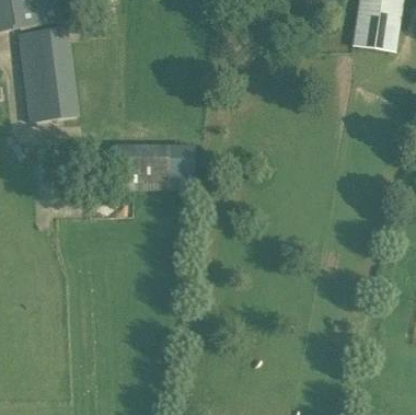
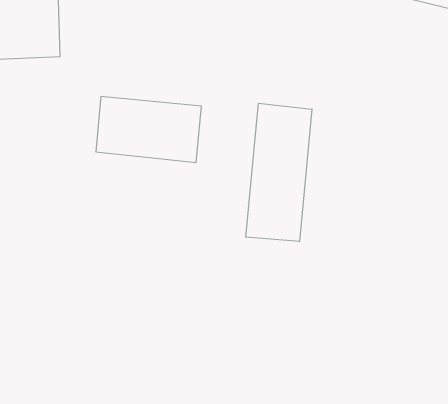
building: none -> [246,103,312,242]

